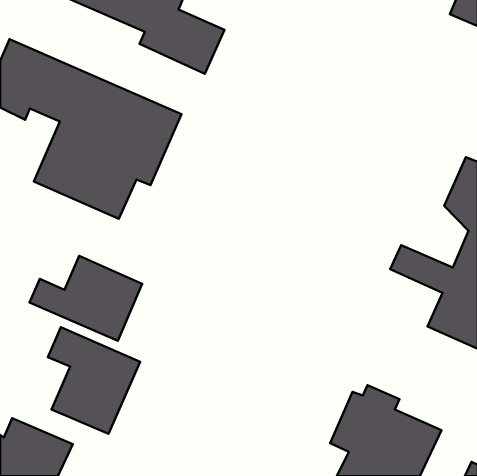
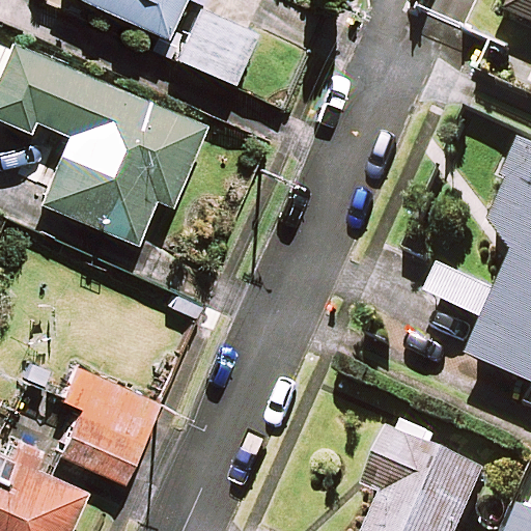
building: [30,256,142,341] -> none

